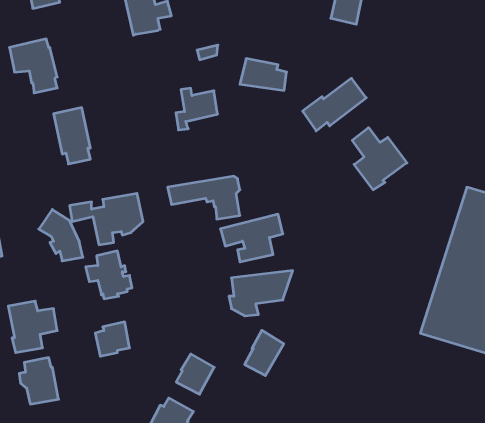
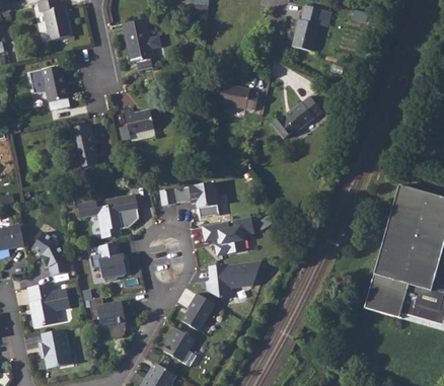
building: [176,88,218,130] -> [120,106,154,141]
building: [352,128,407,190] -> none
building: [39,209,83,261] -> [30,232,67,275]
building: [245,330,284,376] -> [184,291,217,328]

